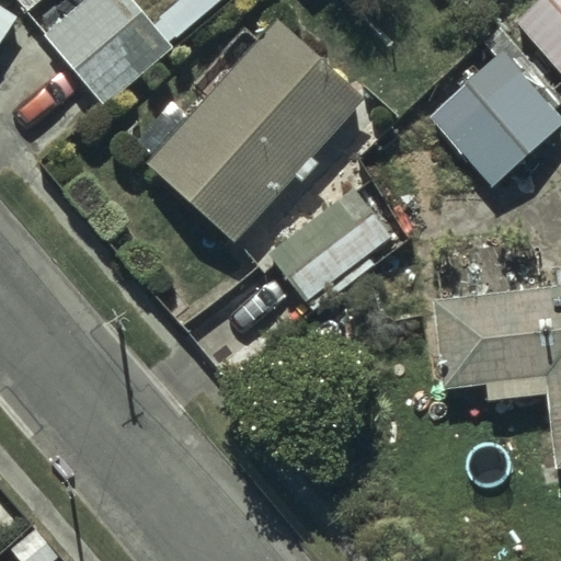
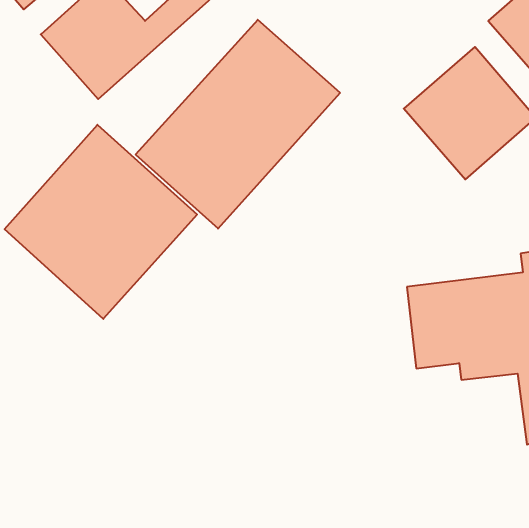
building: none -> [5,125,197,319]
building: [271,185,393,311] -> none

